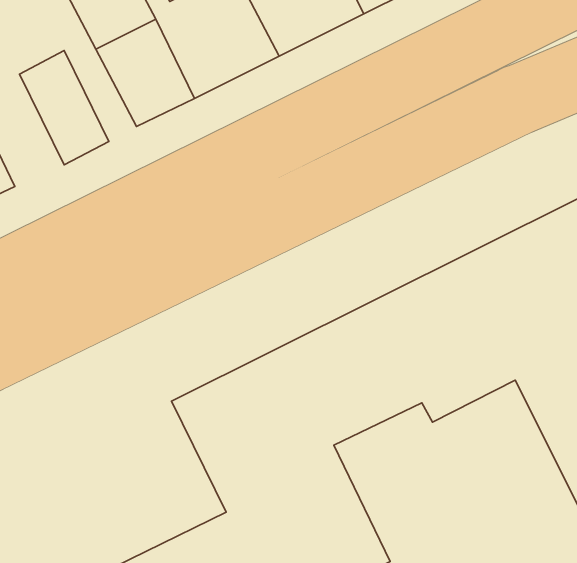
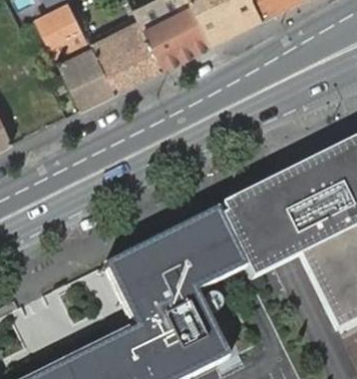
building: [20,51,109,165] -> none

